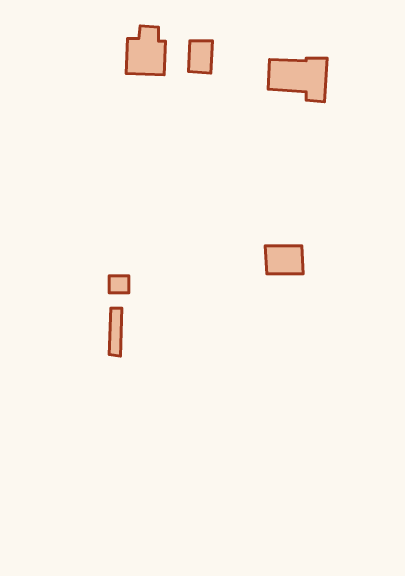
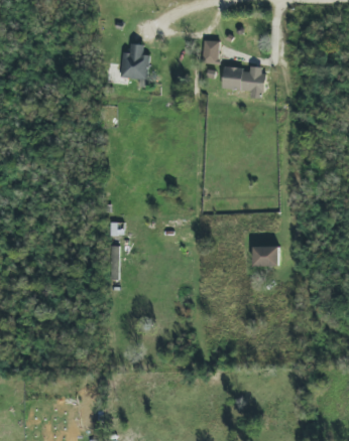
building: [188,41,212,73] -> [202,40,219,63]
building: [265,246,303,274] -> [252,246,279,266]

